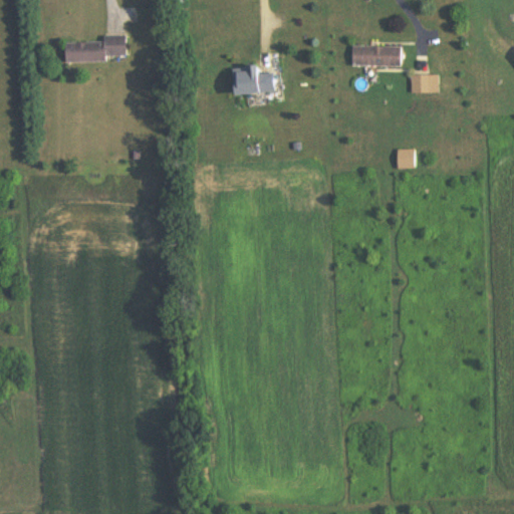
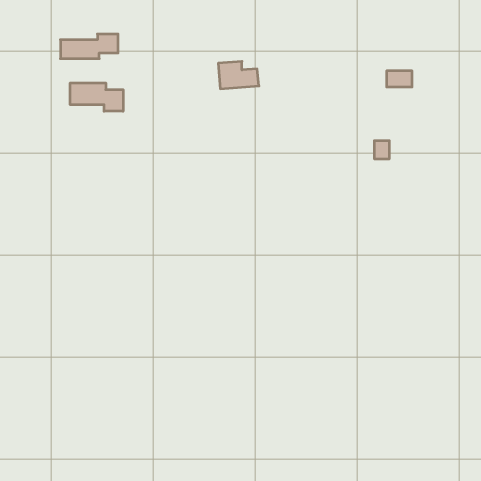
building: [351,46,401,65] -> none
building: none -> [70,83,123,111]

